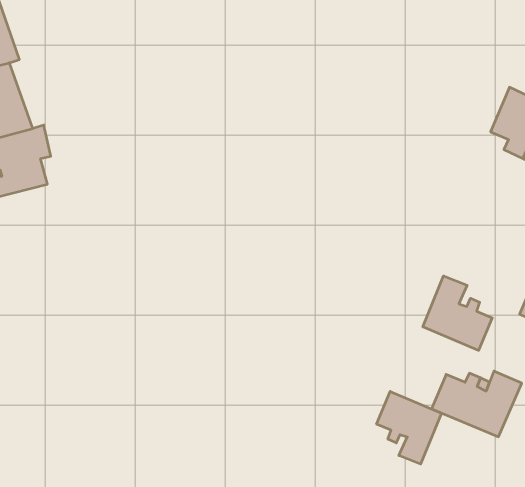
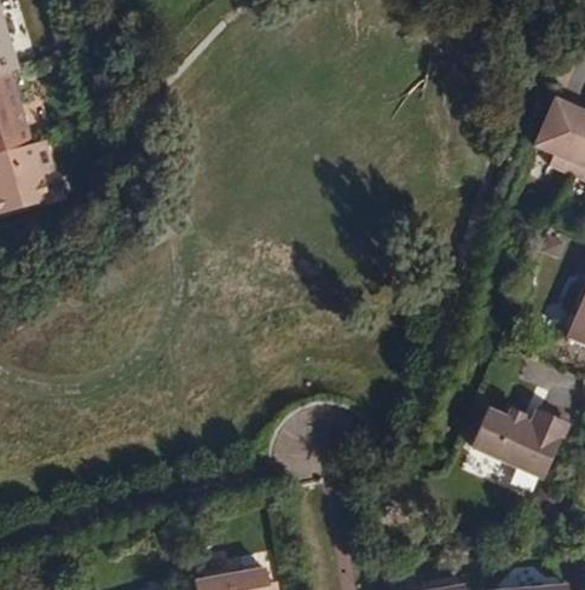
building: [423,276,492,350] -> none
building: [377,391,441,464] -> none

